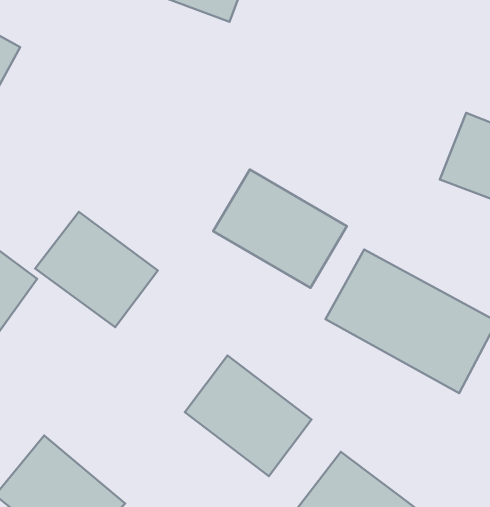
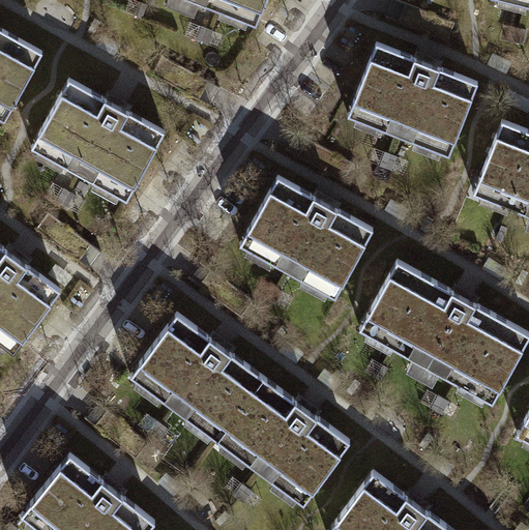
building: none -> [345,45,479,153]
building: none -> [33,82,165,203]
building: [35,212,158,327] -> [128,312,254,430]

